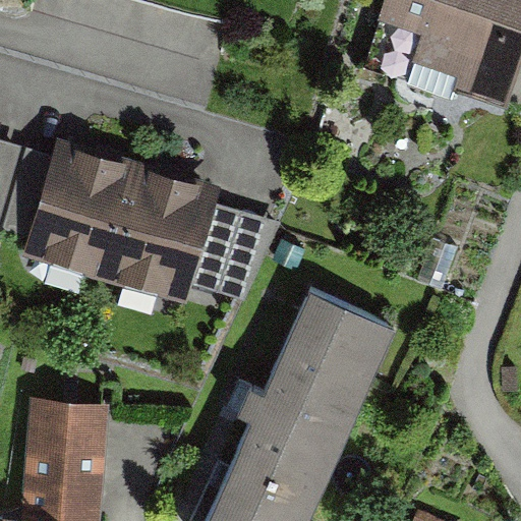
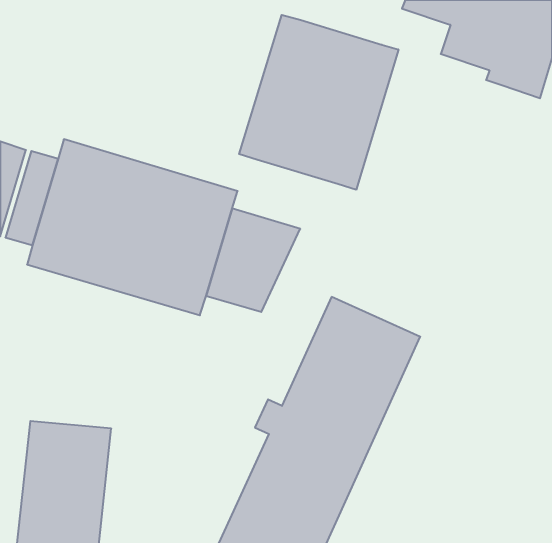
building: none -> [239,15,398,190]

